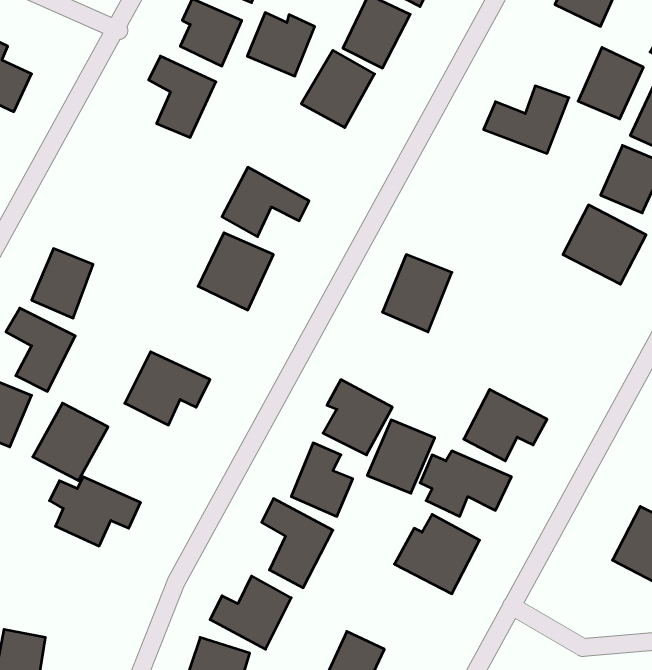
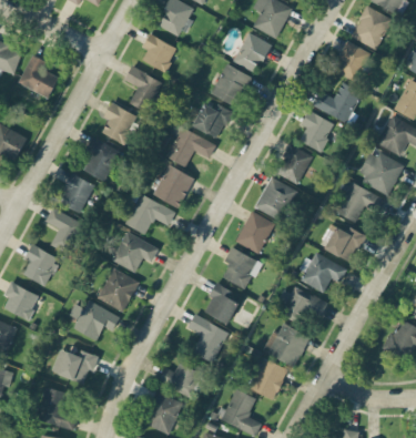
building: [247,13,315,76] -> [193,103,231,139]
building: [578,47,643,119] -> [333,41,369,81]
building: none -> [101,103,136,144]
building: none -> [300,111,334,152]
building: none -> [83,136,120,181]
building: none -> [276,144,313,184]
building: none -> [336,183,385,222]
building: none -> [126,195,175,233]
building: none -> [319,224,364,262]
building: [33,403,108,481] -> [97,268,139,312]
building: [367,420,435,493] -> [236,212,274,253]
building: none -> [51,348,98,384]
building: none -> [248,357,287,400]

